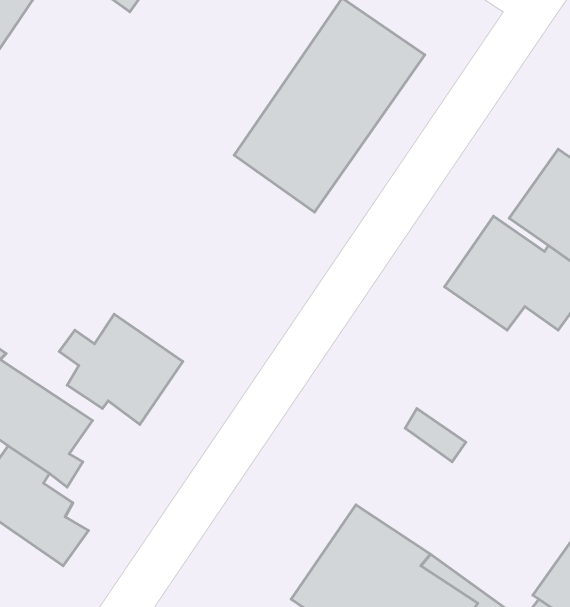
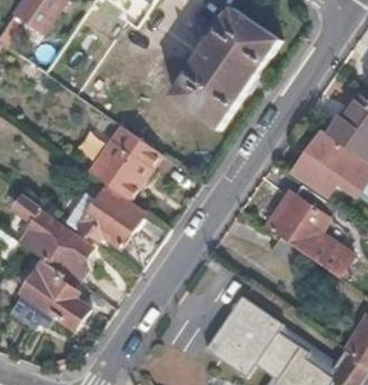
building: none -> [86,125,159,199]
building: none -> [267,182,346,274]

